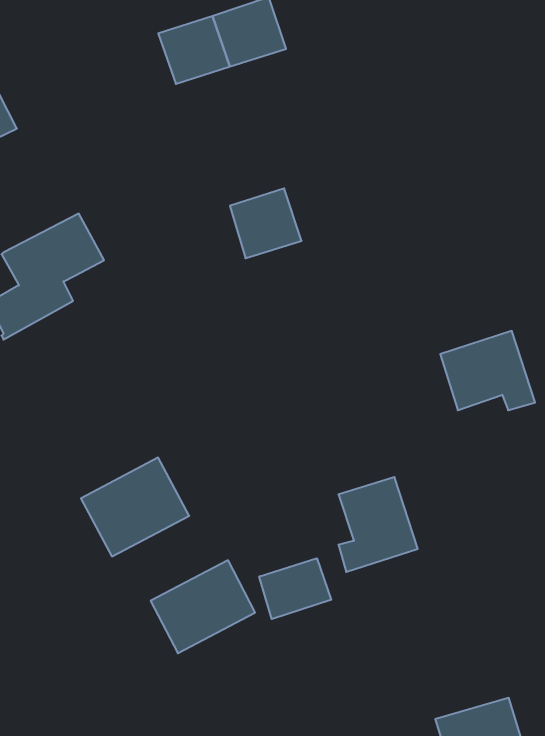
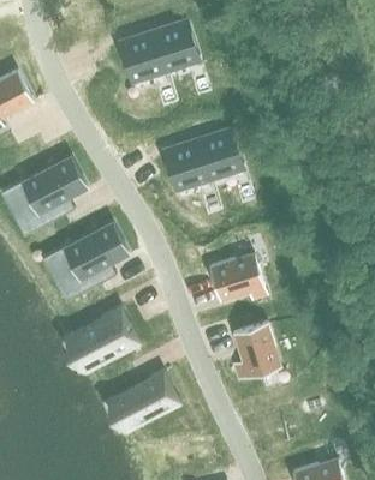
building: none -> [197,130,243,173]
building: none -> [55,223,127,301]
building: [440,331,535,410] -> [209,250,268,299]
building: [259,558,331,619] -> none

